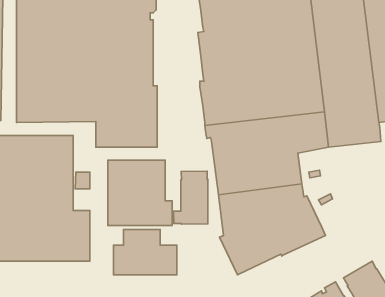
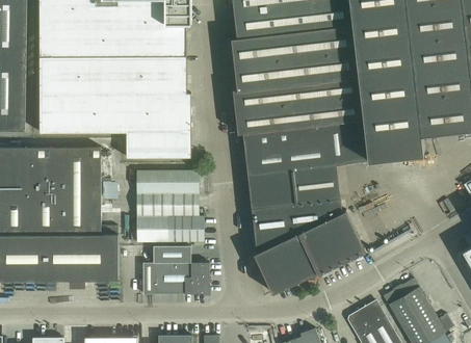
building: [174,171,208,224] -> none

